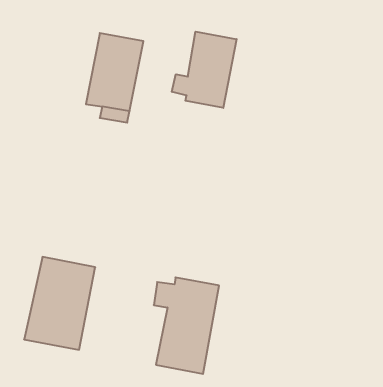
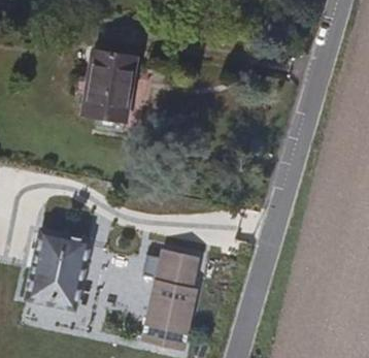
building: [172,32,237,108] -> none

